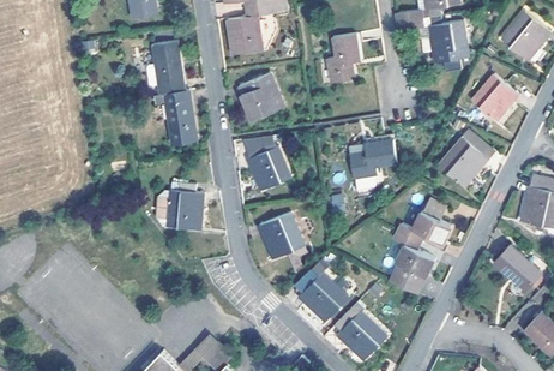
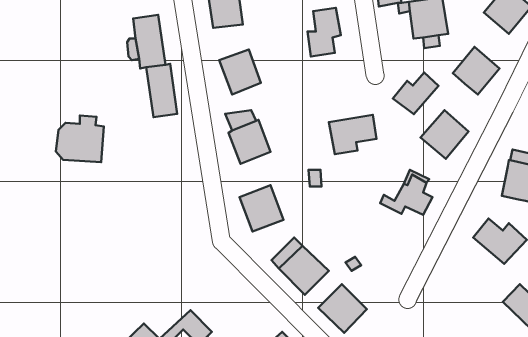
building: none -> [393,73,439,114]
building: [155,181,203,228] -> [56,116,104,162]
building: [393,229,435,293] -> none

